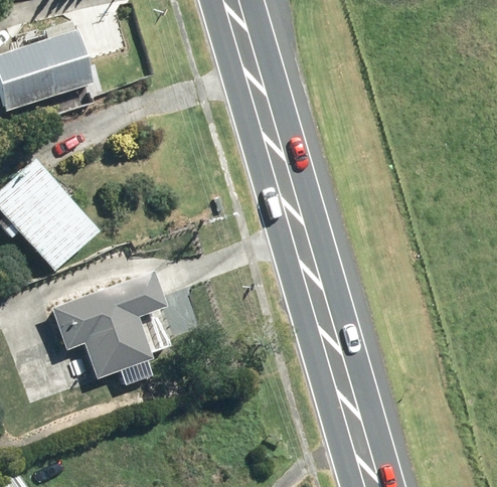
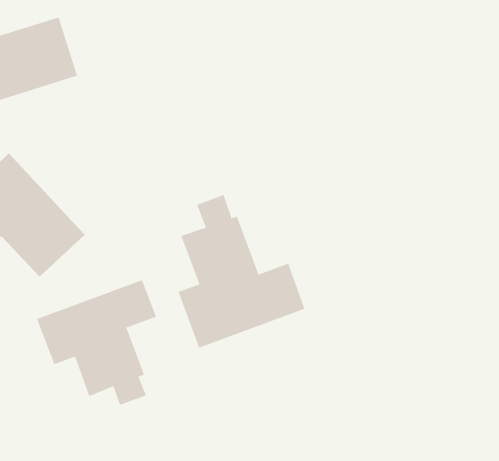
building: none -> [178,194,305,349]

